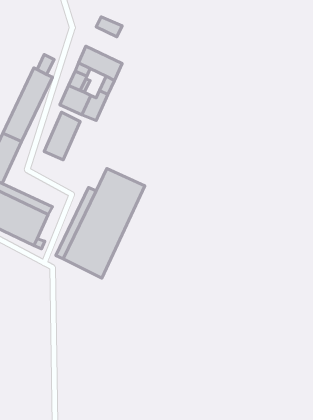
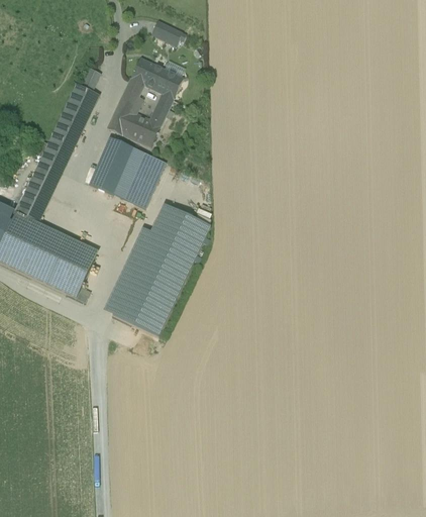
building: none -> [111,147,165,209]

